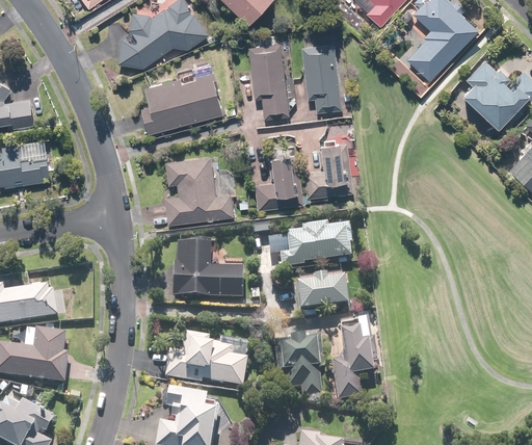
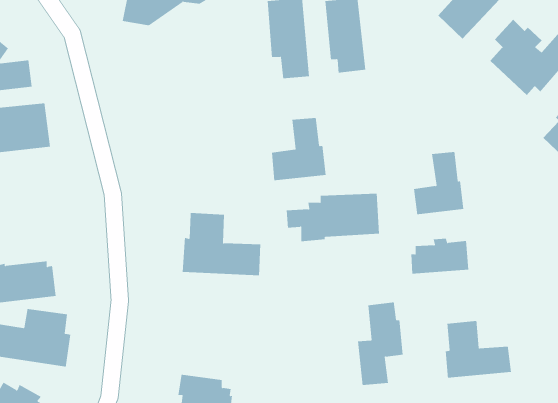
building: [141,63,223,131] -> none
building: [305,138,352,197] -> [413,152,464,215]
building: [165,155,234,224] -> none
building: [296,274,350,308] -> [410,238,469,274]
building: [166,334,246,385] -> none
building: [274,334,321,394] -> none
building: none -> [445,320,511,379]

